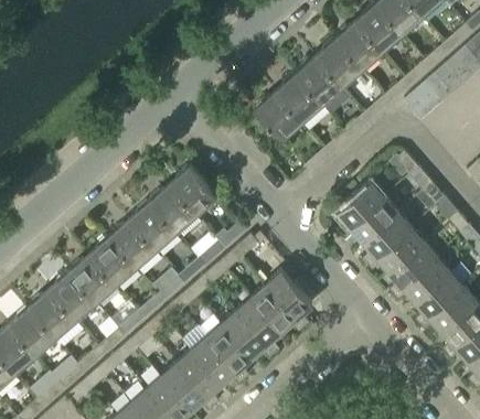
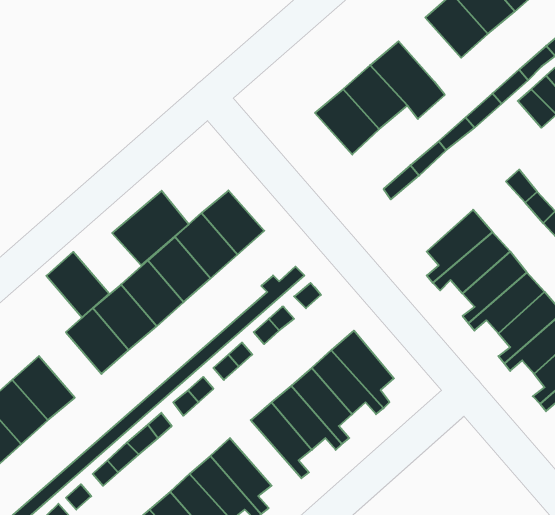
building: [316,39,362,86] -> none
building: none -> [112,191,189,265]
building: [50,271,96,320] -> [46,252,109,318]
building: [191,336,244,385] -> none

